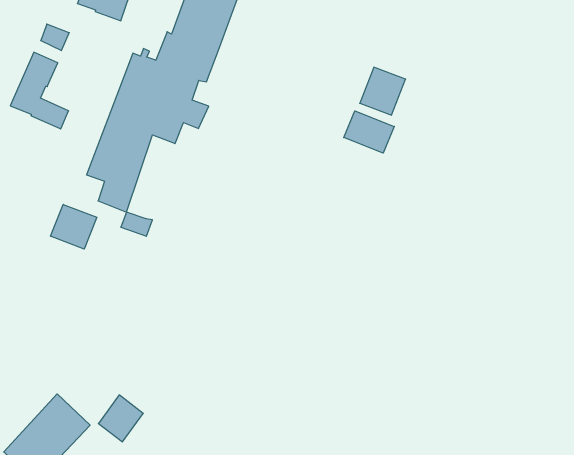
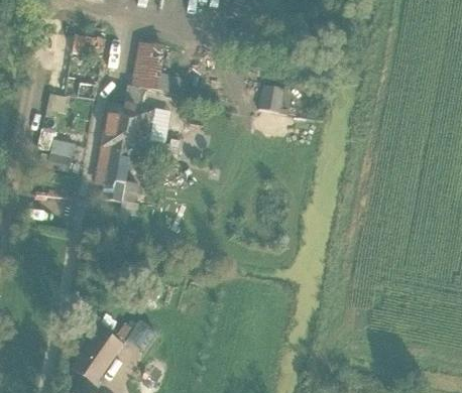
building: [344,111,394,153] -> none
building: [51,204,97,249] -> none

